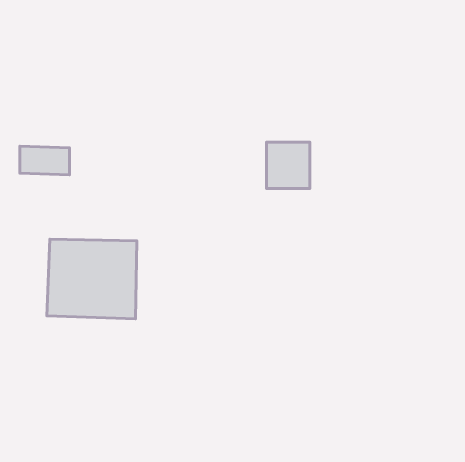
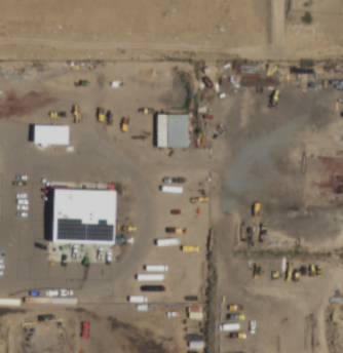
building: [266,142,310,189] -> [157,115,187,147]

